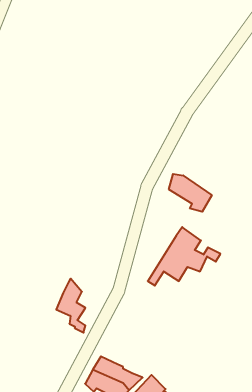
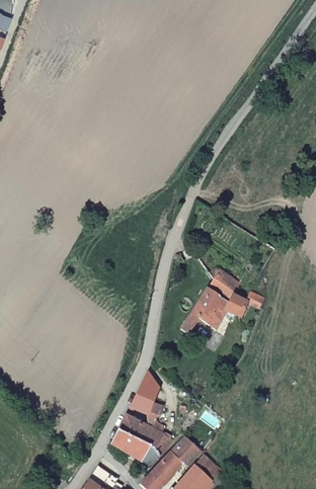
building: [169,174,212,212] -> none
building: [56,279,85,333] -> [131,374,164,435]

